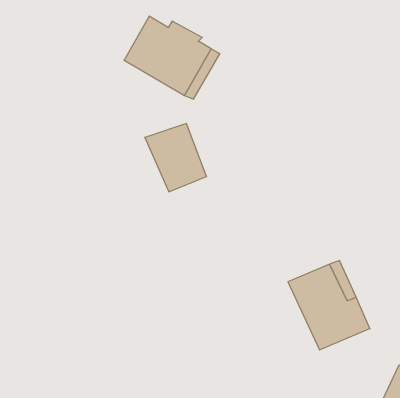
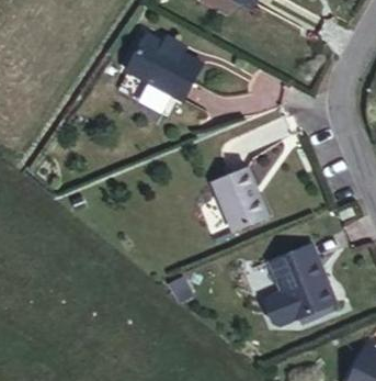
building: [145,124,207,192] -> [205,167,259,226]

